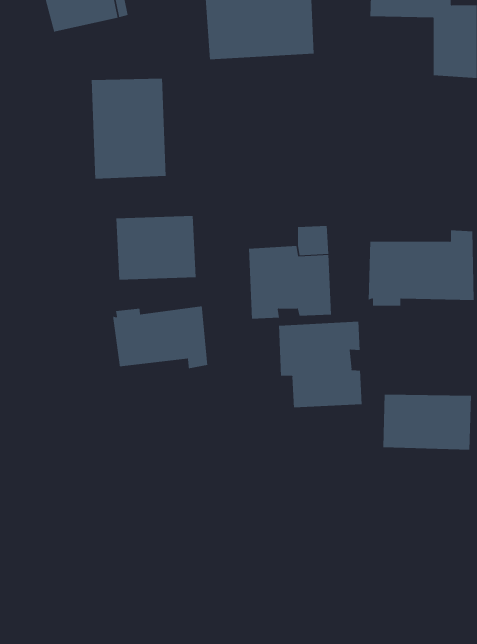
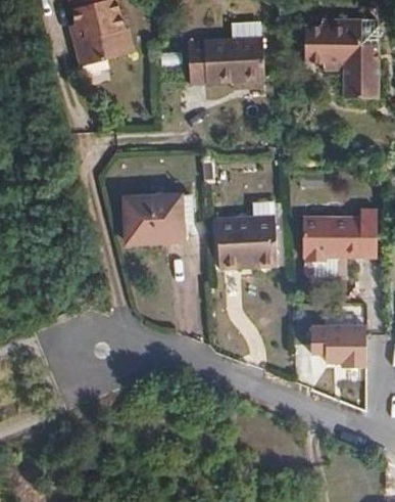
building: [91,78,166,180] -> none
building: [113,305,208,369] -> none
building: [279,321,362,408] -> none

